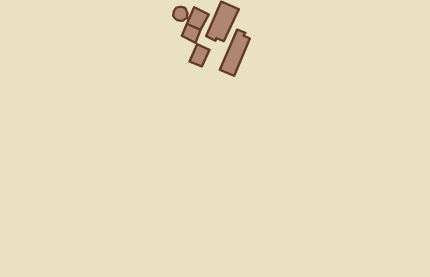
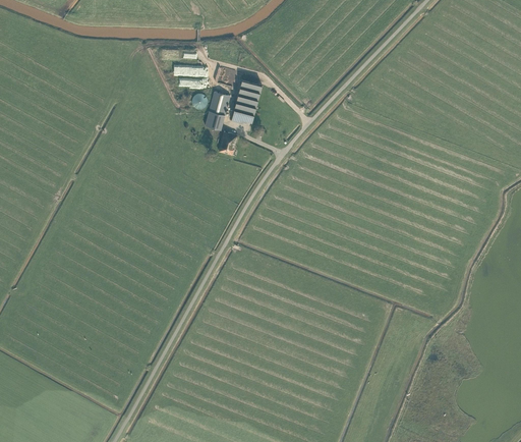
building: [220,30,250,76] -> none

